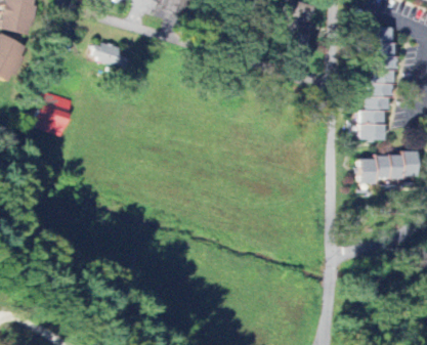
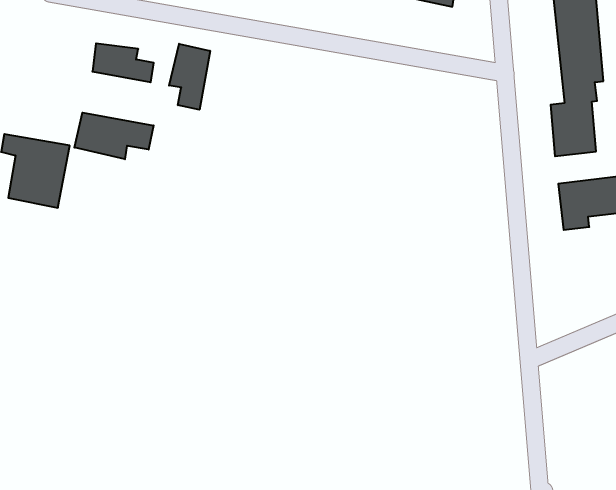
building: none -> [169,44,210,110]
building: none -> [74,113,154,159]

